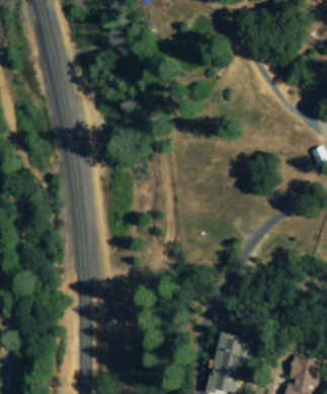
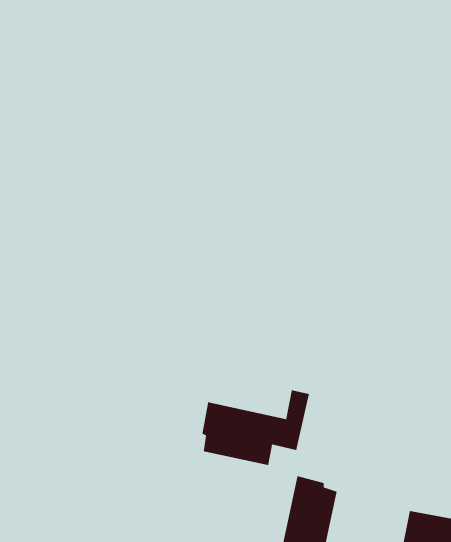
building: none -> [202,390,309,466]

